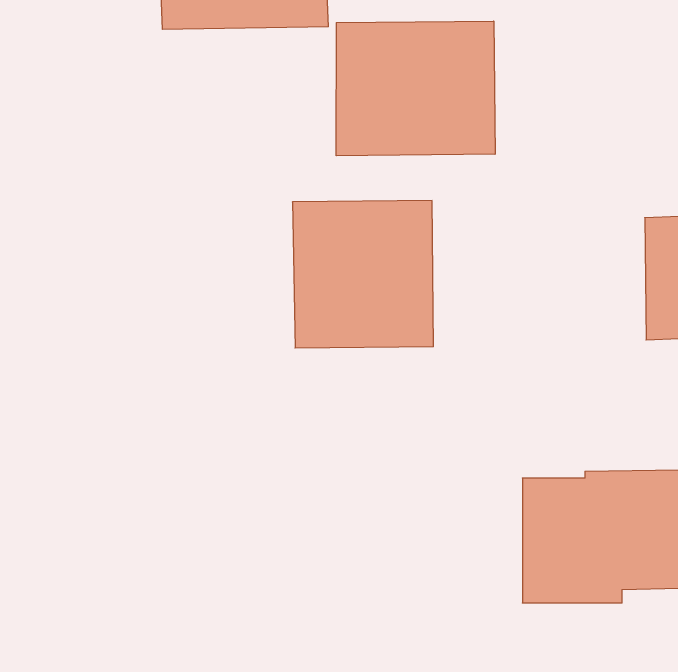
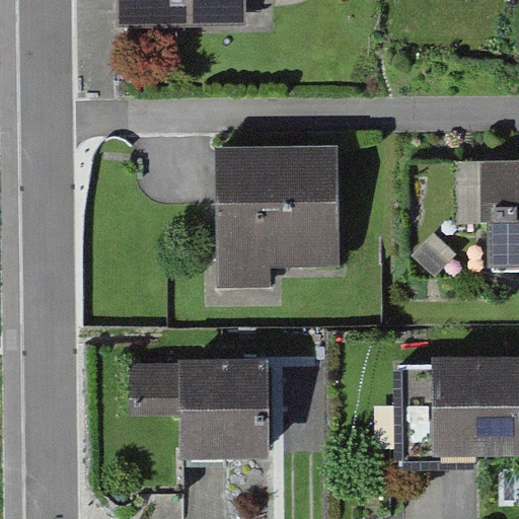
building: [336,21,495,156] -> none
building: none -> [137,363,266,447]

